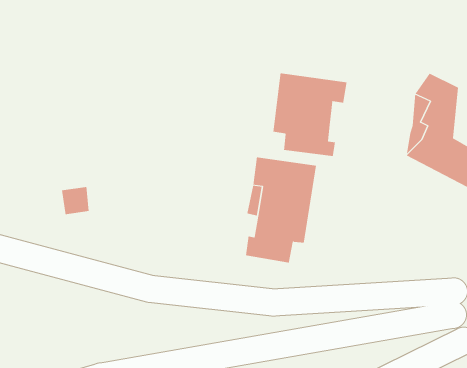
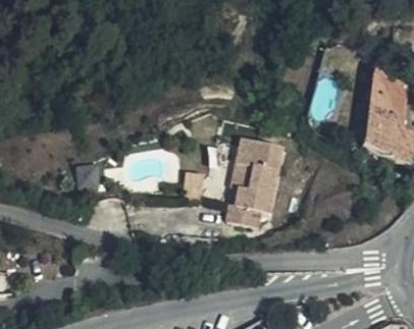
building: [273,72,347,157] -> none

